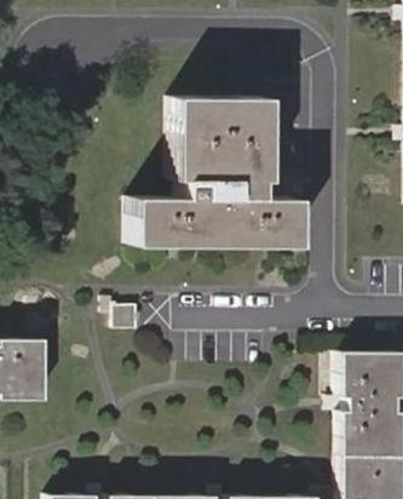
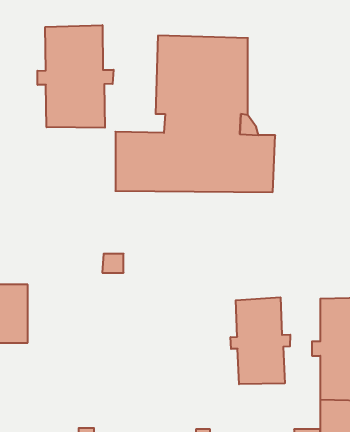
building: none -> [37,25,114,128]
building: none -> [231,297,290,384]

